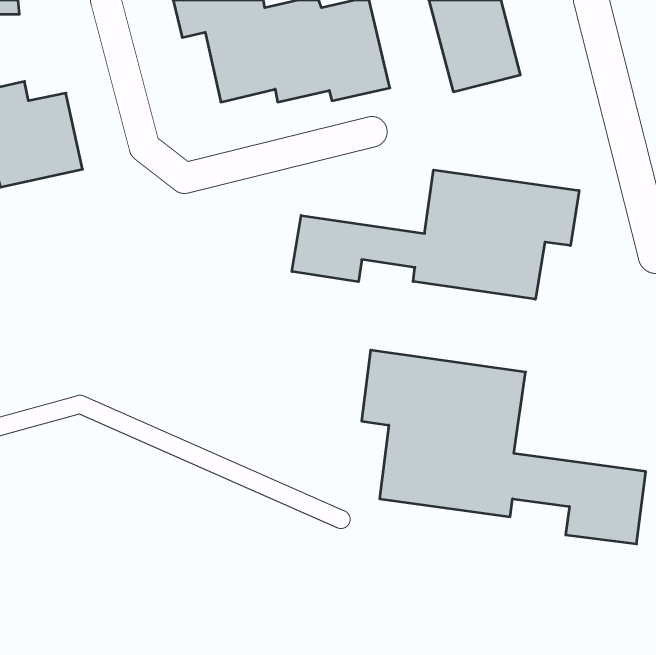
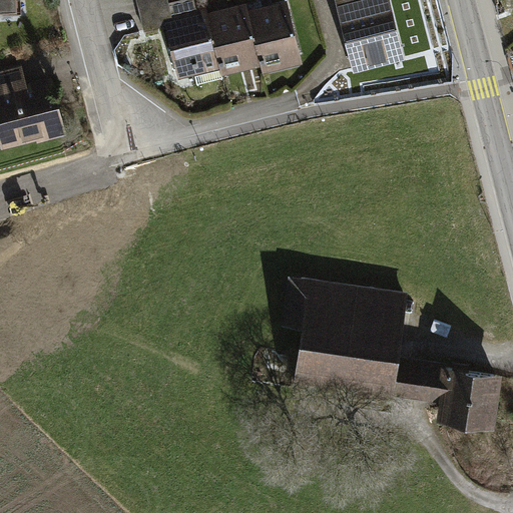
building: [292,170,579,299] -> none

